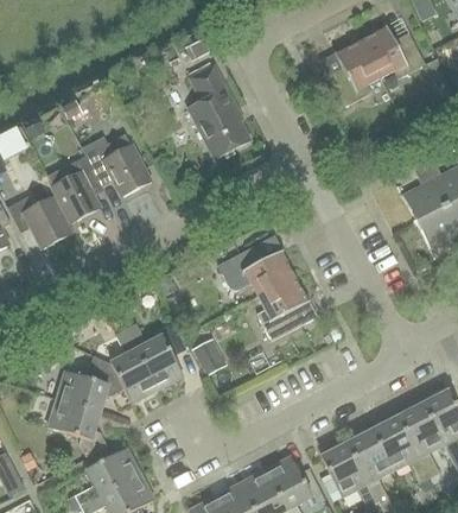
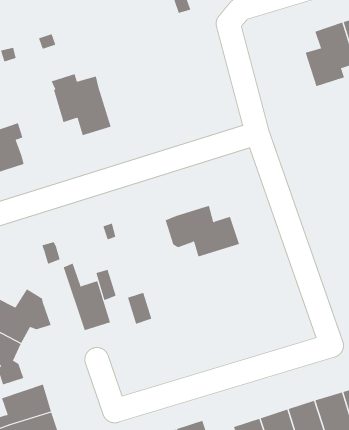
building: [187,64,250,159] -> none
building: [52,156,98,226] -> none
building: [257,276,310,341] -> none
building: [112,329,158,403] -> none

